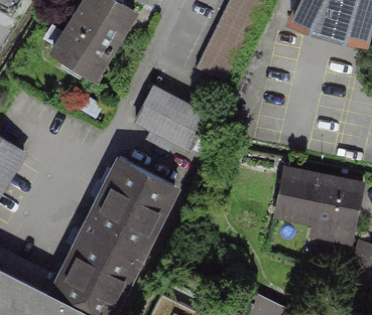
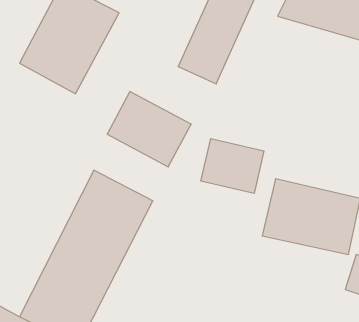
building: none -> [201,139,264,193]

